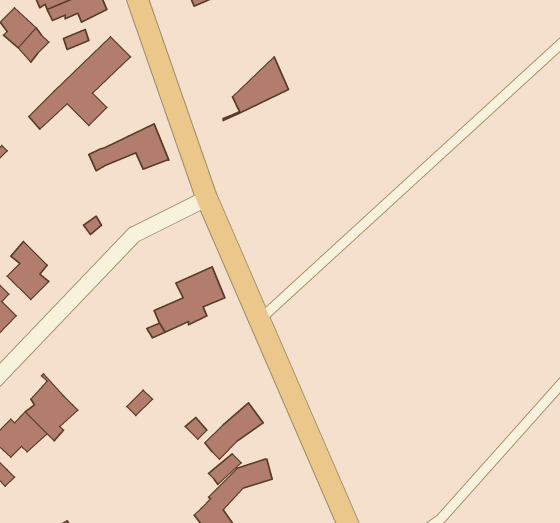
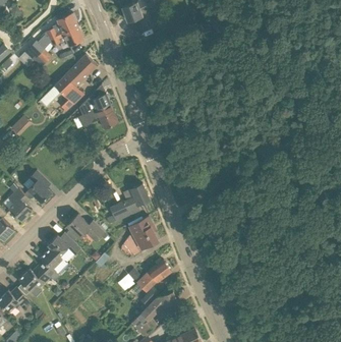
building: [223,57,289,120] -> [73,84,110,120]
building: none -> [66,214,104,241]
building: none -> [120,216,158,258]
building: none -> [48,232,80,261]

